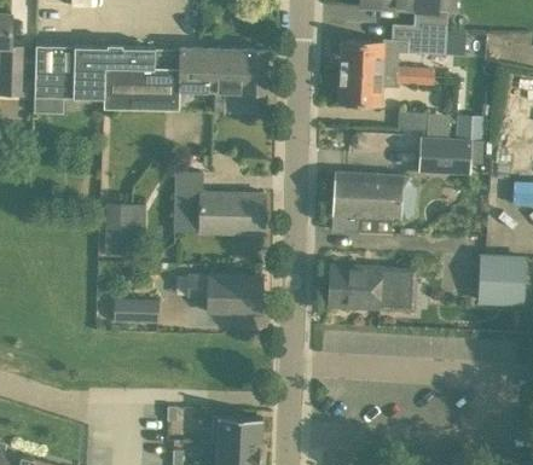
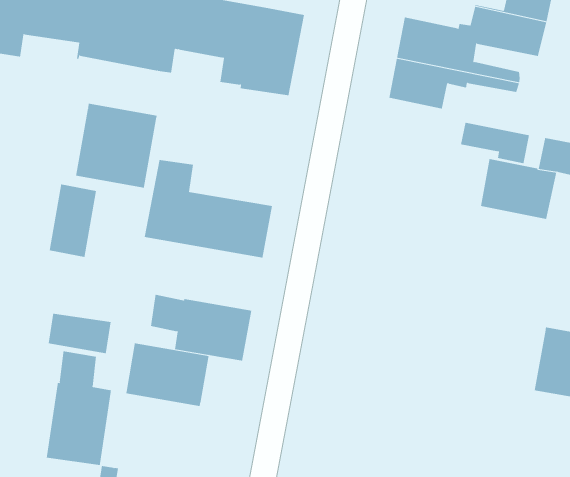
building: none -> [75,103,157,188]
building: [332,173,404,234] -> none
building: [329,263,402,310] -> none
building: none -> [125,342,209,407]
building: none -> [46,350,111,466]

